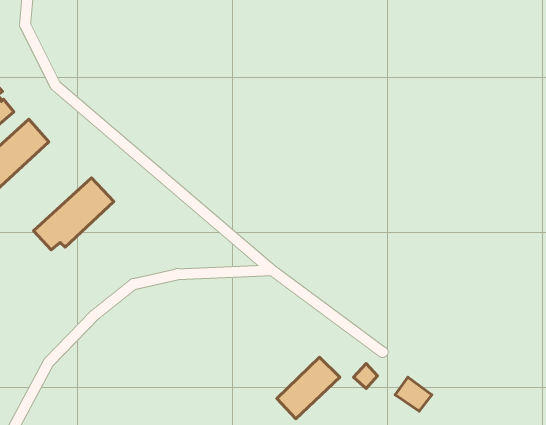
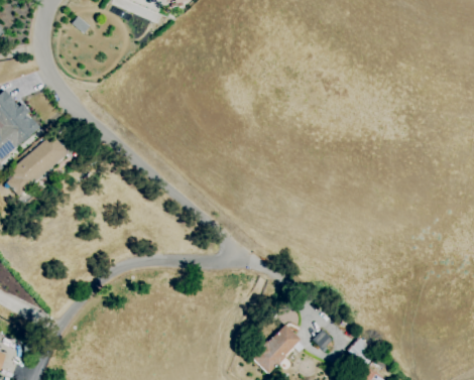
building: [34,178,114,250] -> none

